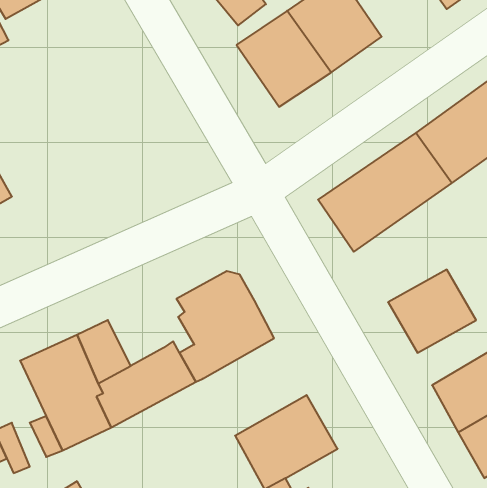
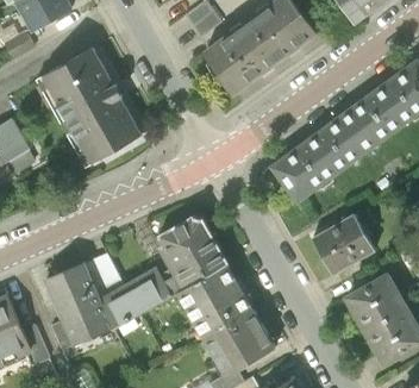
building: none -> [40,48,142,163]
building: none -> [176,264,252,336]

